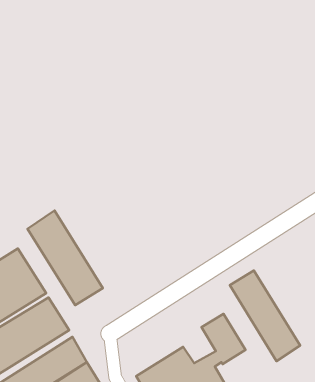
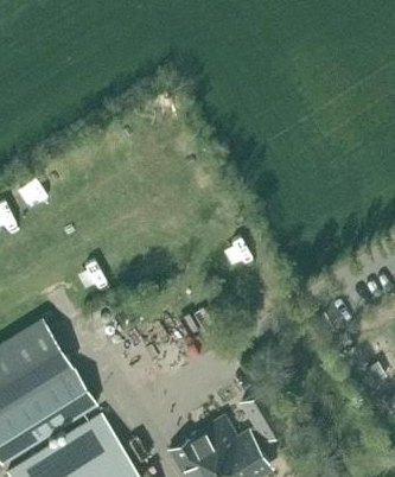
building: [27,210,103,305] -> none
building: [230,271,300,361] -> none

